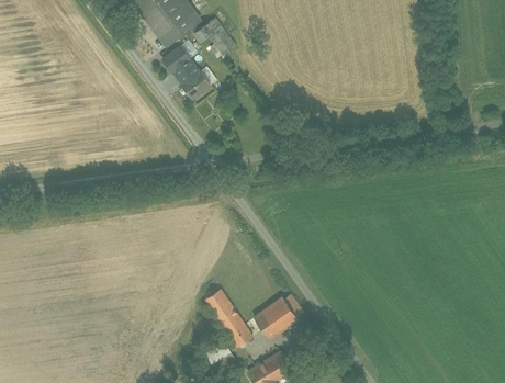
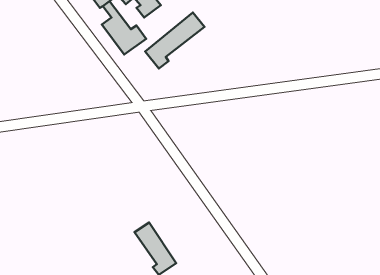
building: none -> [145,13,204,68]
building: [255,300,294,338] -> none

